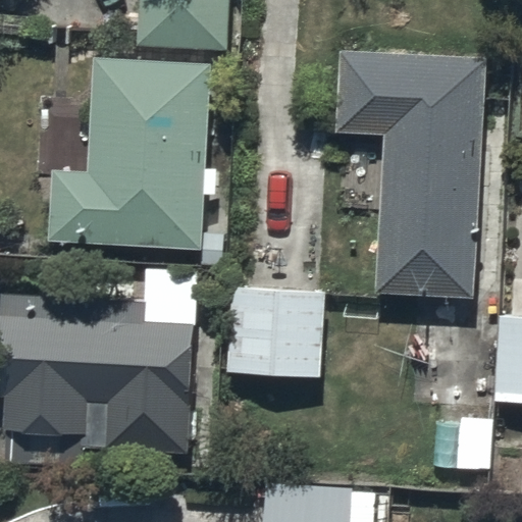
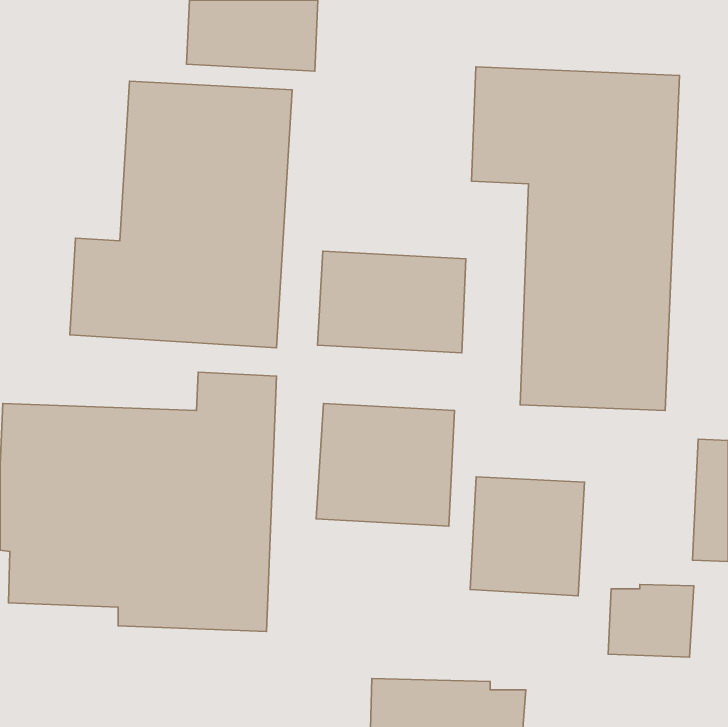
building: none -> [317,251,466,353]
building: none -> [470,477,584,596]

